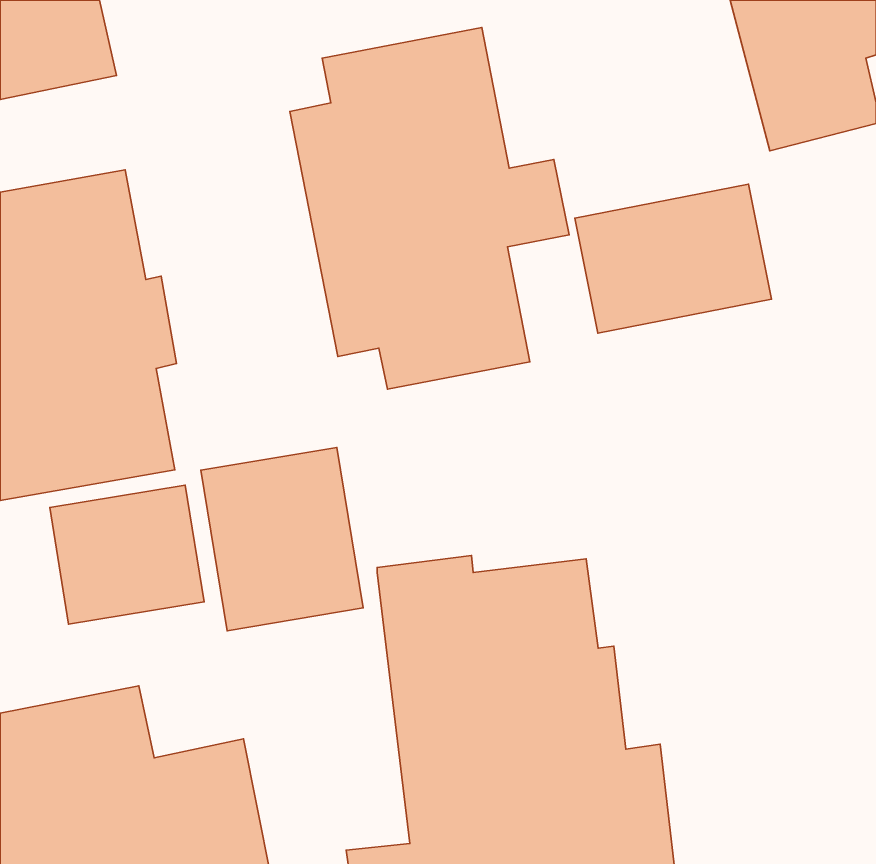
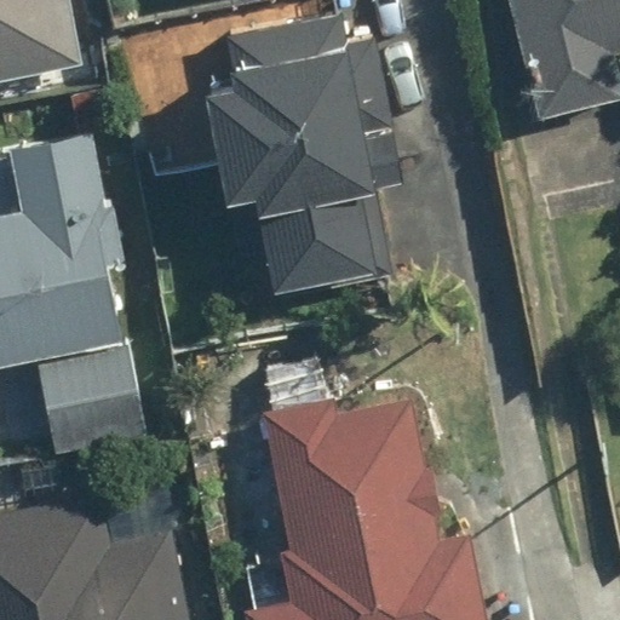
building: [575,184,771,333] -> none
building: [201,447,363,631] -> none

